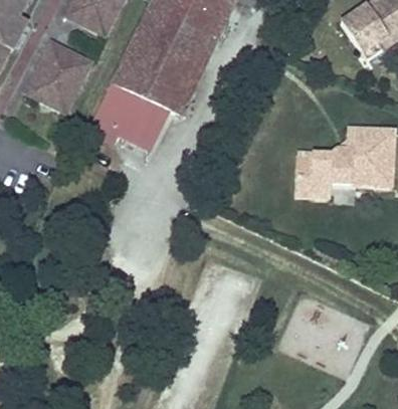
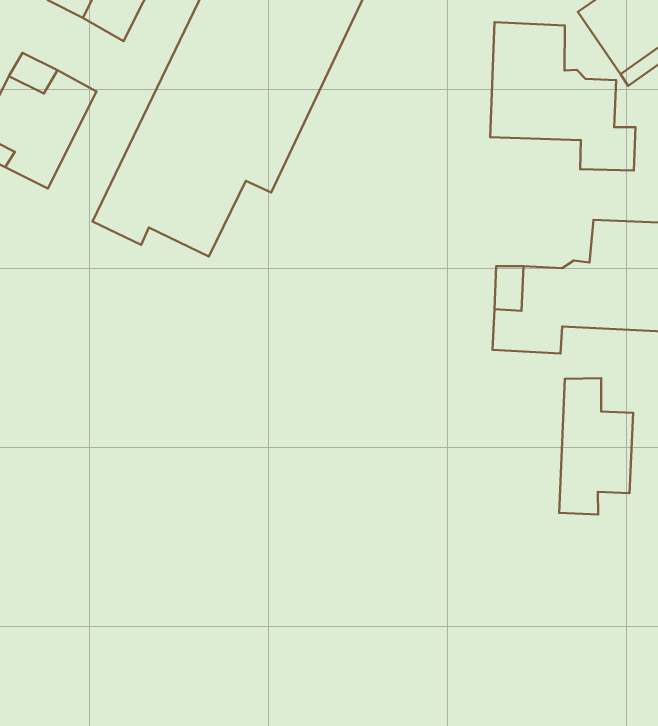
building: none -> [490,22,636,170]
building: none -> [559,378,633,514]

